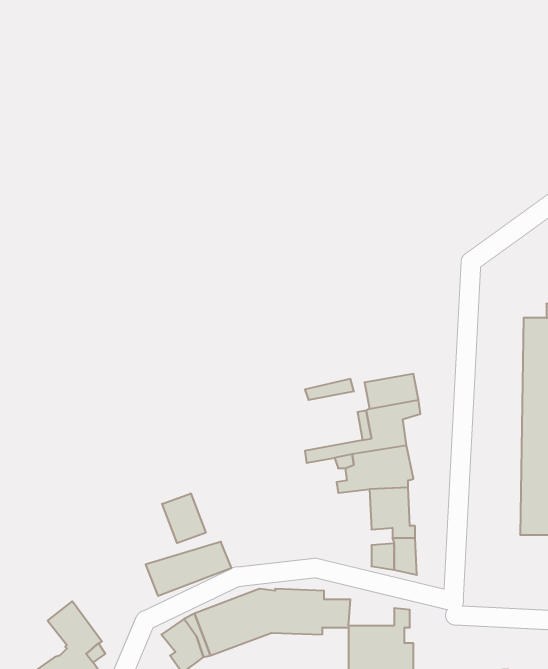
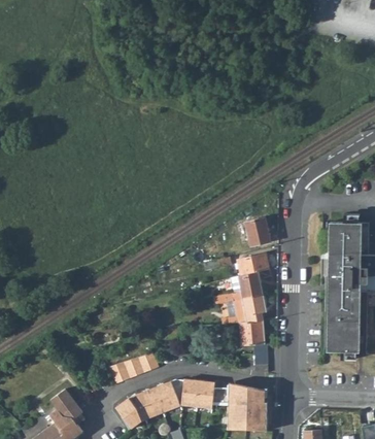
building: none -> [244,217,269,246]
building: [162,493,206,543] -> none
building: none -> [227,382,263,402]

